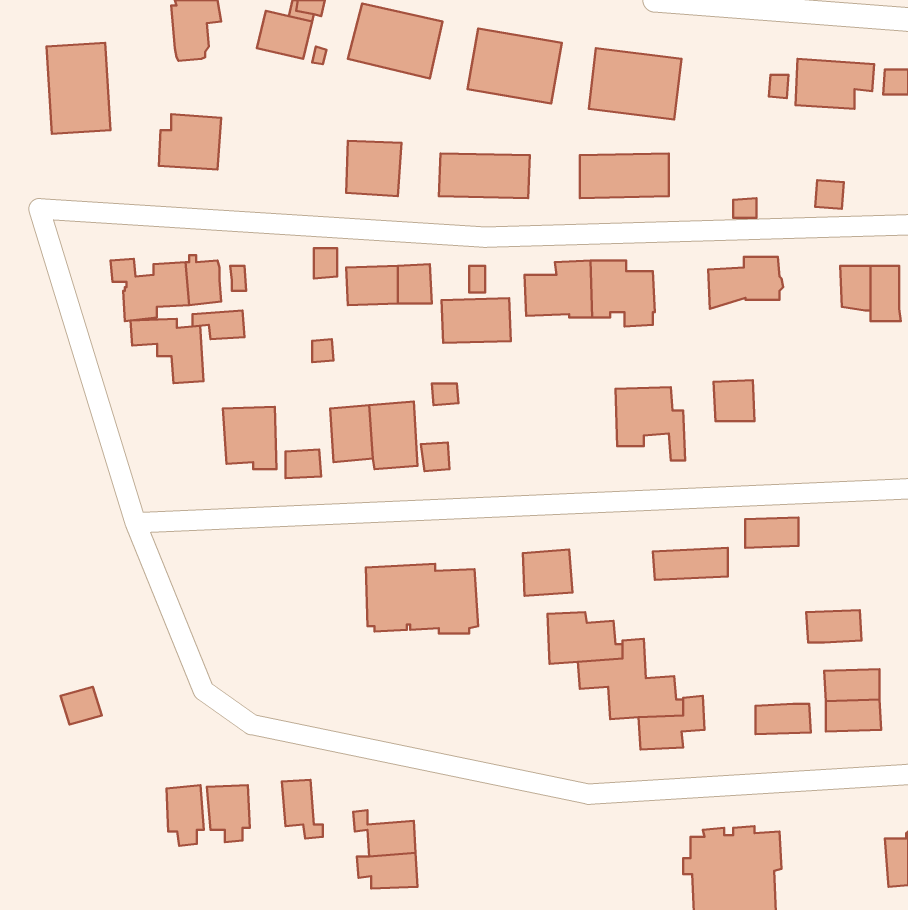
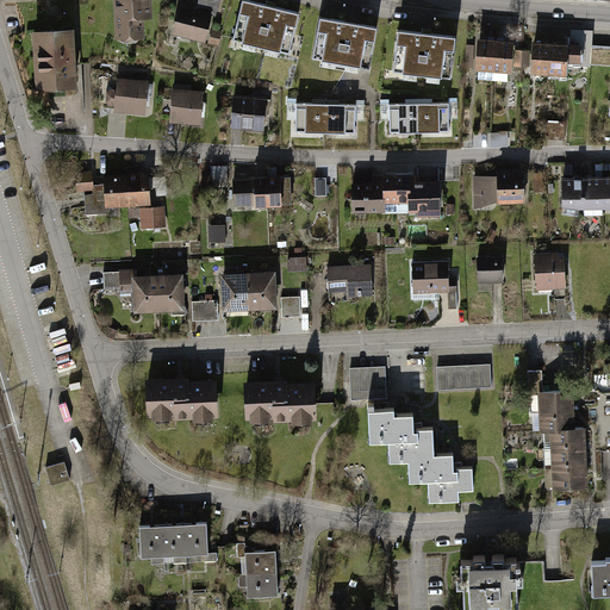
building: none -> [475,41,510,82]
building: none -> [170,82,204,124]
building: [441,298,511,343] -> [325,264,372,294]
building: [131,319,204,383] -> [102,269,151,312]
building: none -> [536,251,566,291]
building: [745,517,799,548] -> [539,390,574,410]
building: none -> [145,376,220,423]
building: [756,704,811,734] -> [550,429,587,449]
building: [167,785,204,846] -> [166,523,191,564]

